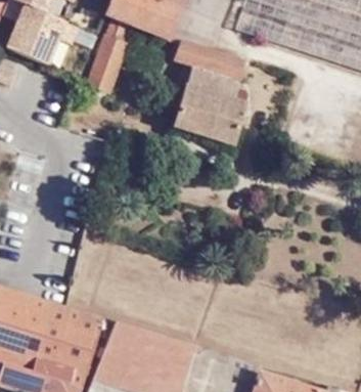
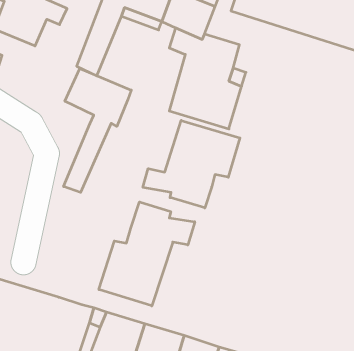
building: none -> [64,69,131,192]
building: none -> [143,120,240,208]
building: none -> [99,202,195,306]

